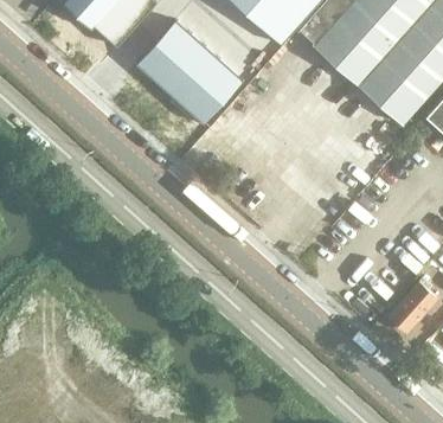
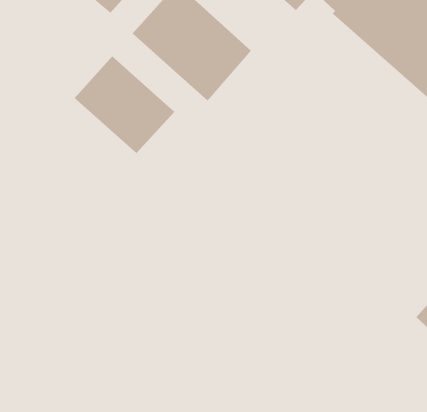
building: none -> [74,55,175,154]

